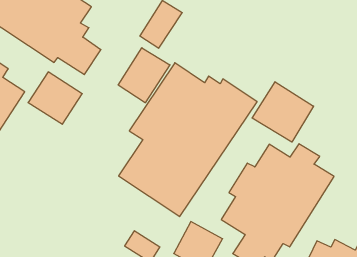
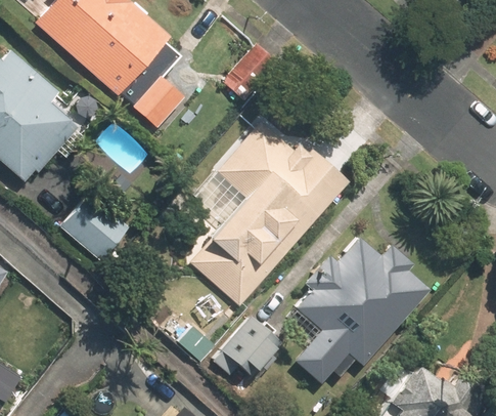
building: [118,48,170,103] -> none
building: [28,72,82,124] -> [63,195,130,260]
building: [252,82,314,142] -> none

